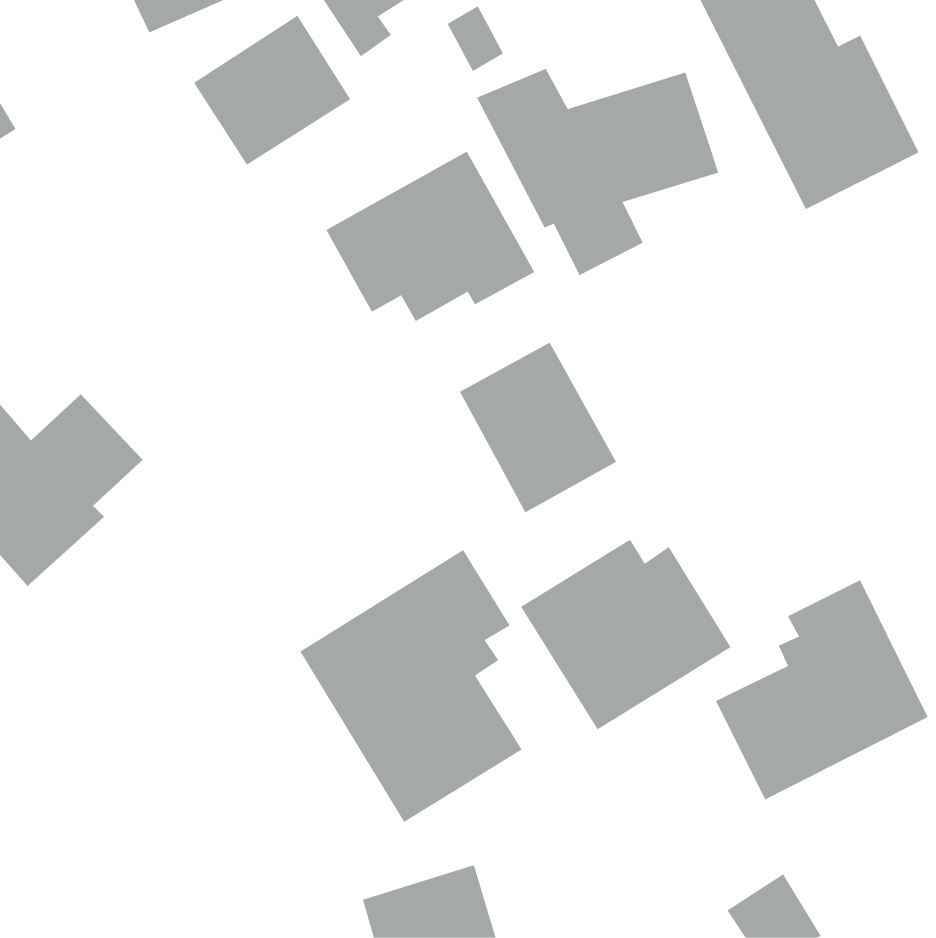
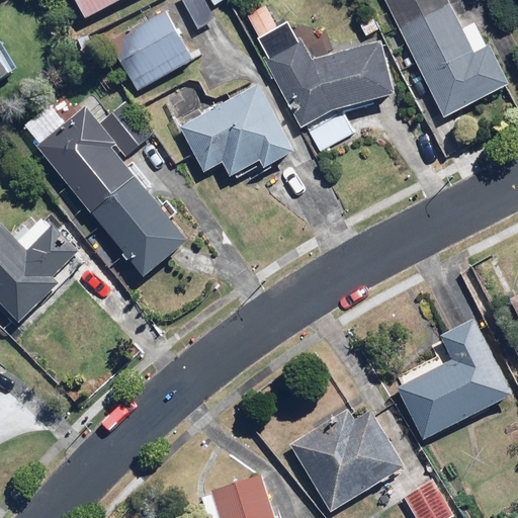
building: none -> [35,97,187,276]
building: [459,342,617,513] -> none
building: [520,539,732,730] -> [287,406,404,511]
building: [300,549,523,823] -> none

